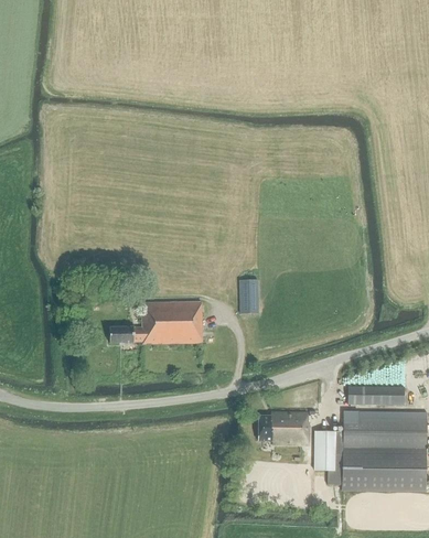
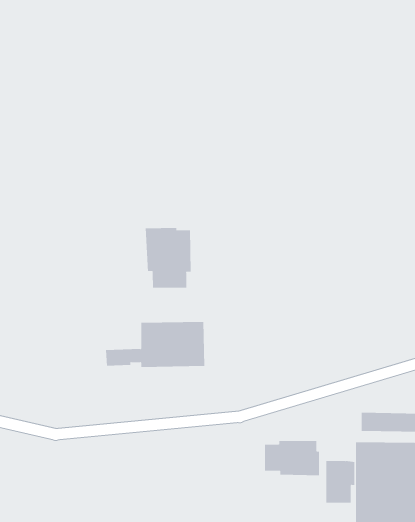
building: none -> [145,227,191,289]
building: [239,277,258,313] -> none

